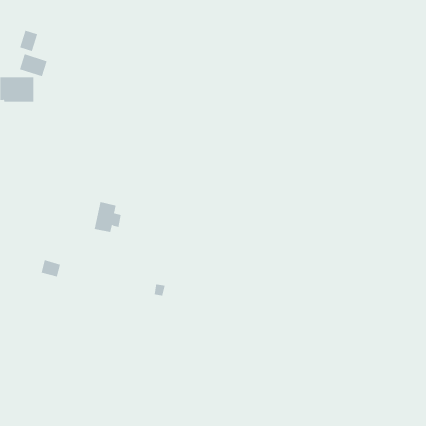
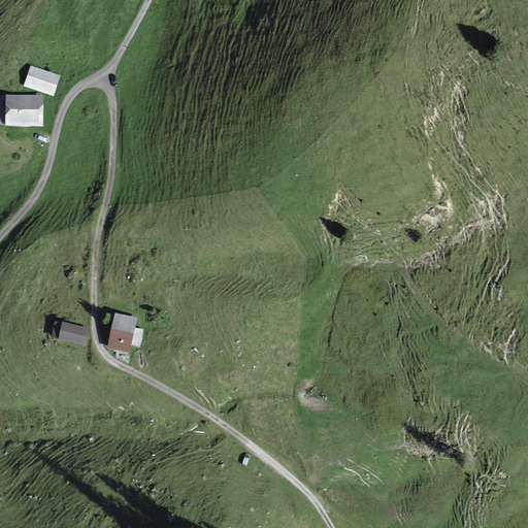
building: [20,30,38,52] -> none
building: [94,201,122,232] -> [107,314,141,352]

